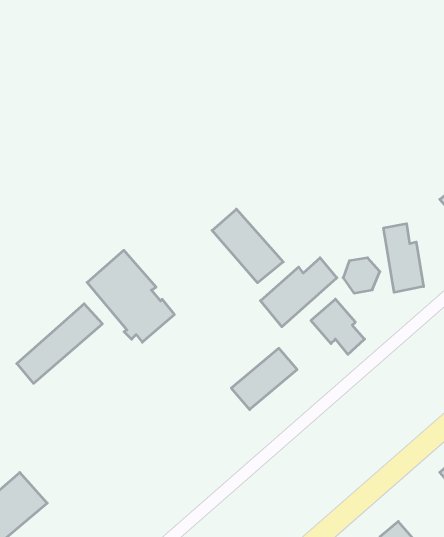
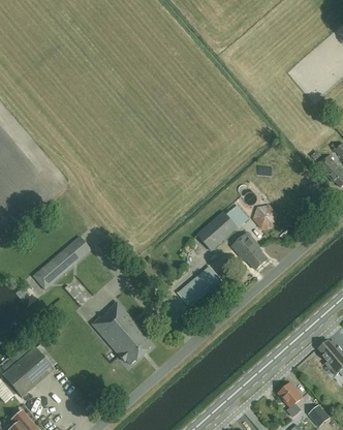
building: [212,209,283,283] -> none
building: [384,224,424,292] -> none
building: [87,250,174,342] -> [92,301,151,363]

